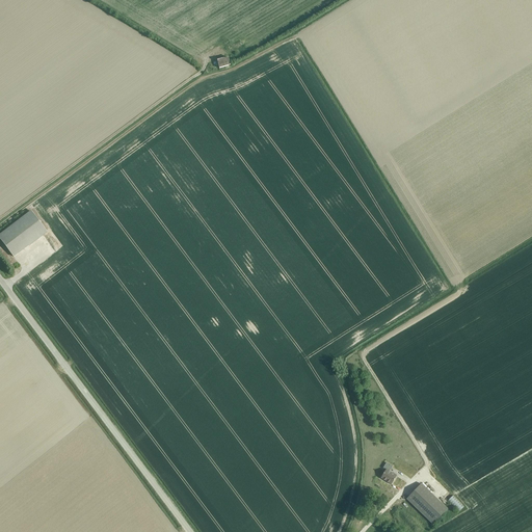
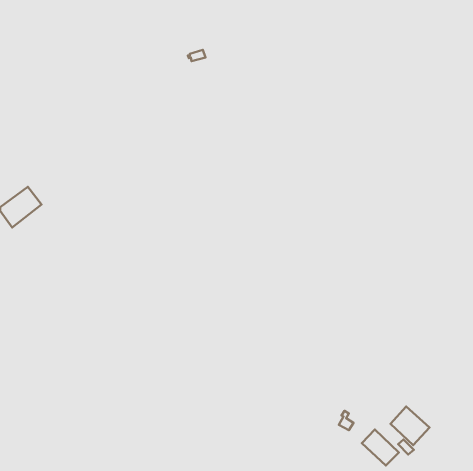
building: none -> [391,406,430,445]

